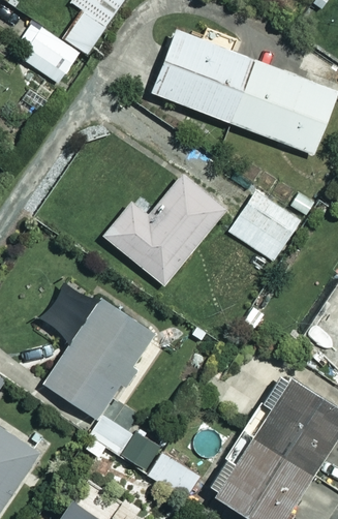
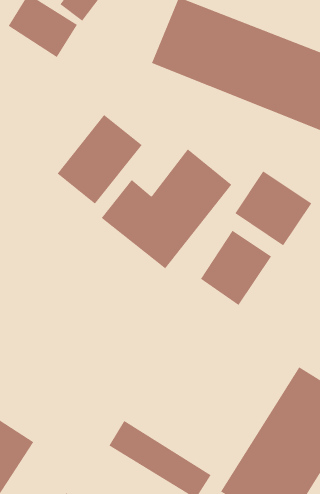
building: none -> [57,114,142,204]
building: none -> [200,230,272,306]
building: [40,279,153,419] -> none

